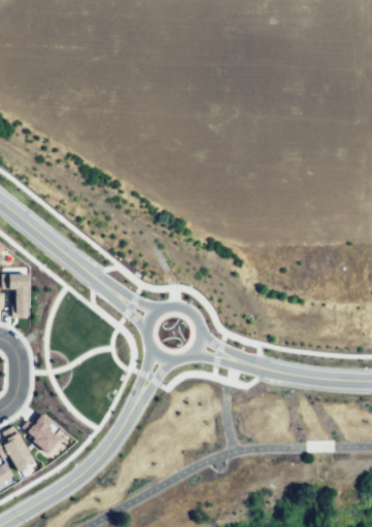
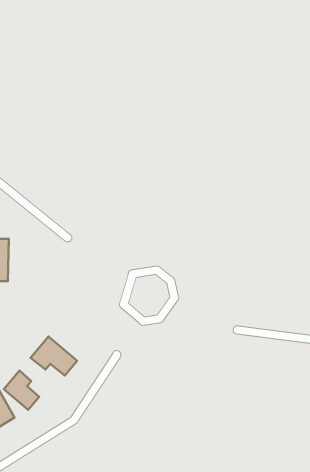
building: none -> [31,337,77,375]

